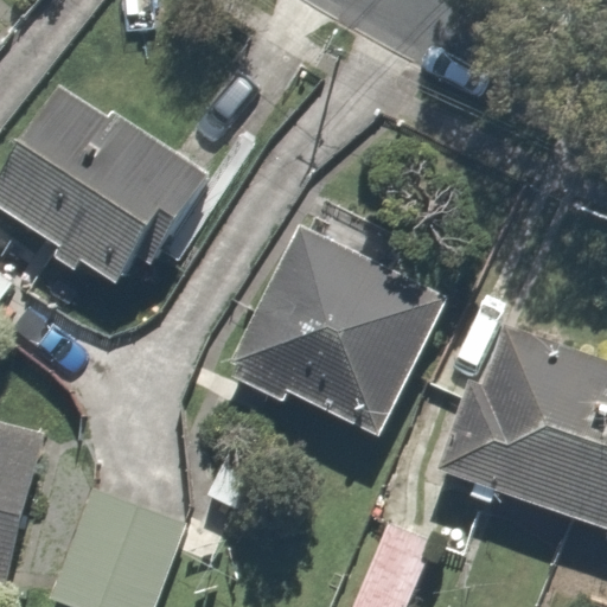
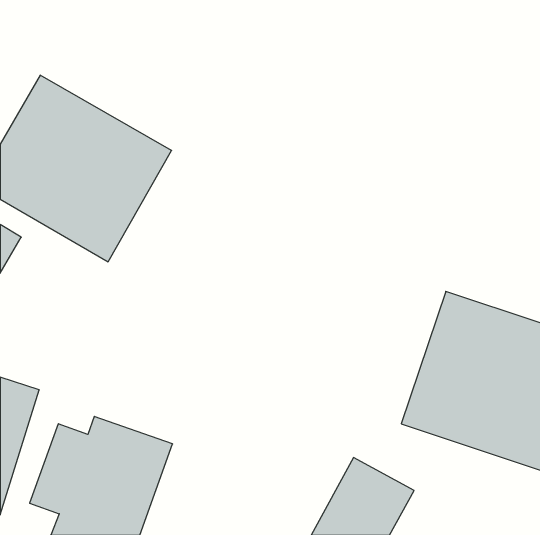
building: [231,219,421,445] -> none

